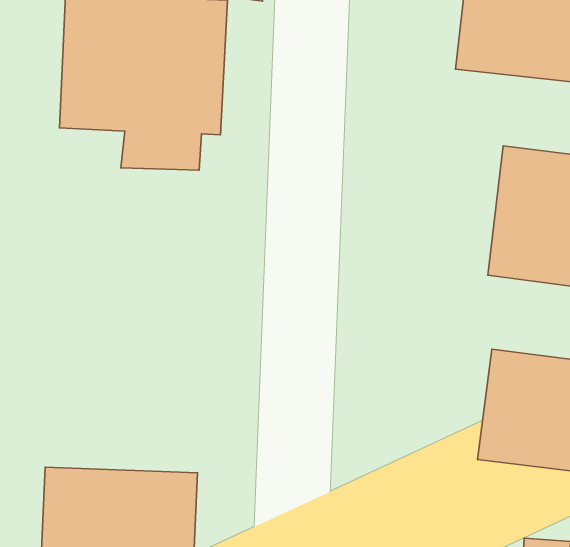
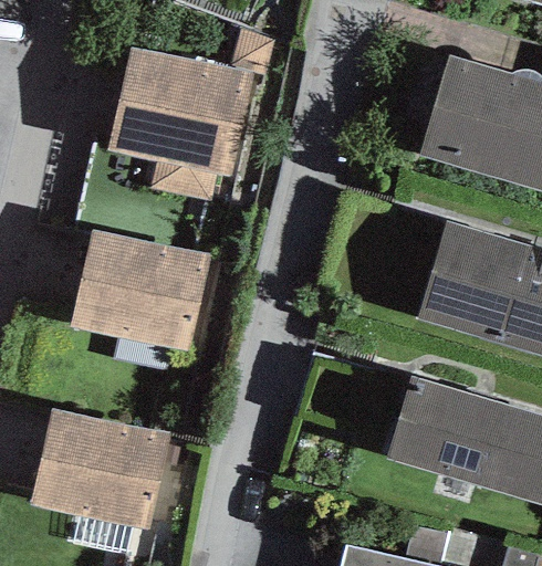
building: none -> [72,229,213,352]

